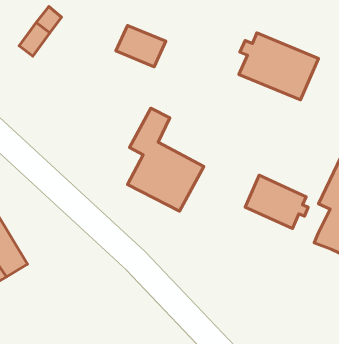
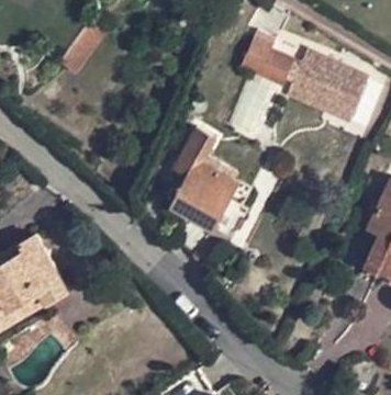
building: [116,25,166,67] -> [239,42,291,84]
building: [245,175,308,229] -> none

